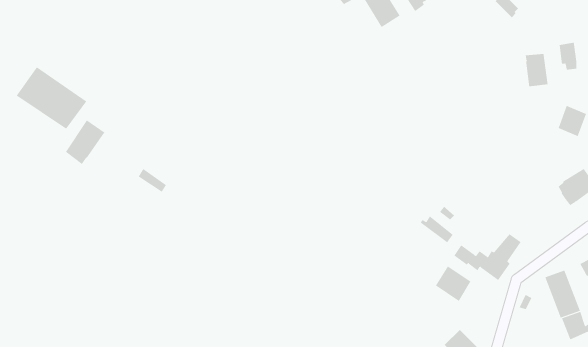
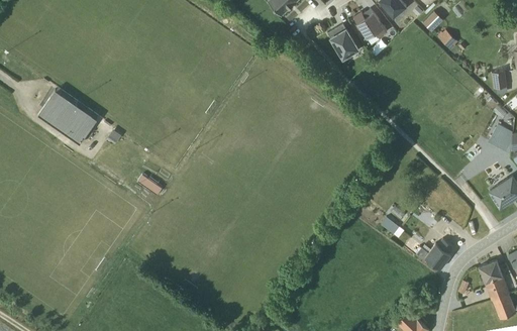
building: [525,53,548,87] -> none
building: [65,119,105,165] -> none
building: [435,265,471,302] -> none

